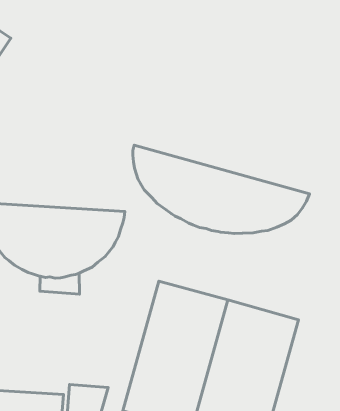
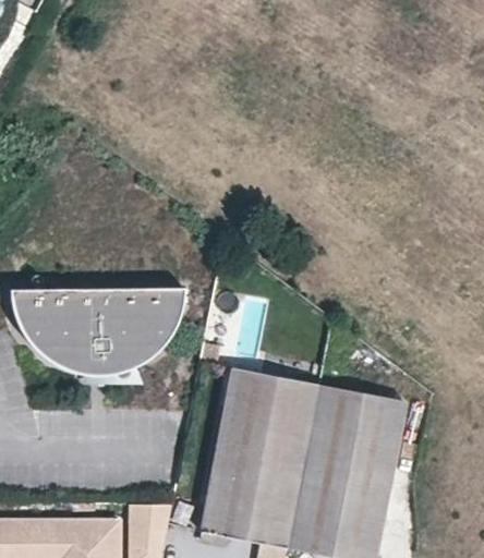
building: [133,145,309,233] -> none

